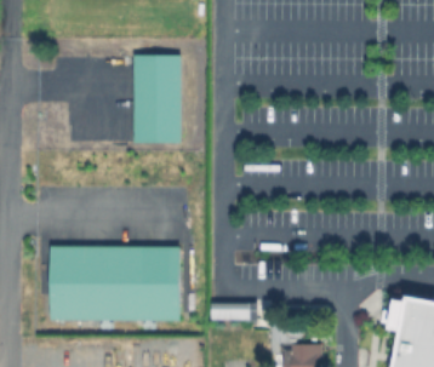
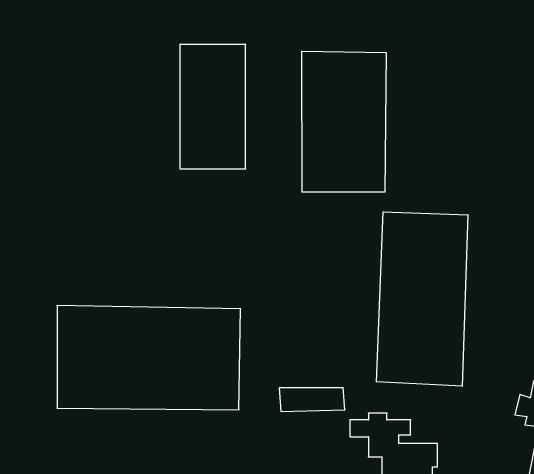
building: none -> [302,51,386,192]
building: none -> [376,212,468,386]

